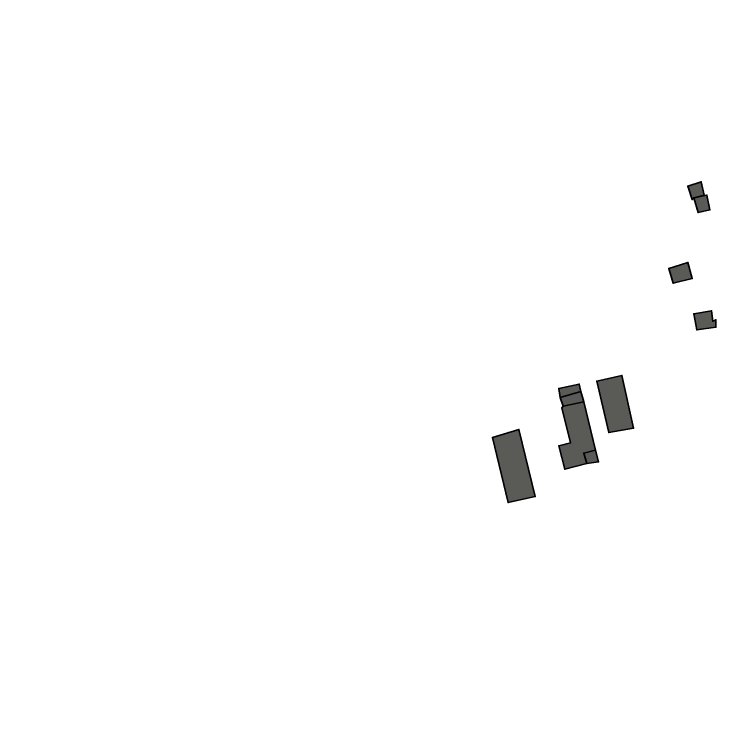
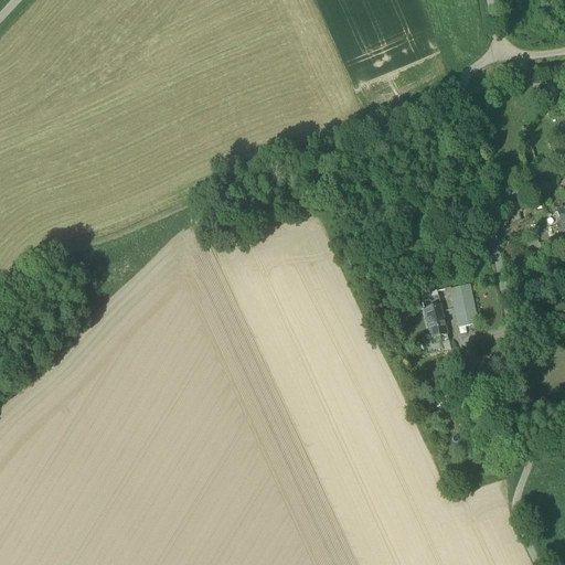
building: [493,430,535,503] -> none

